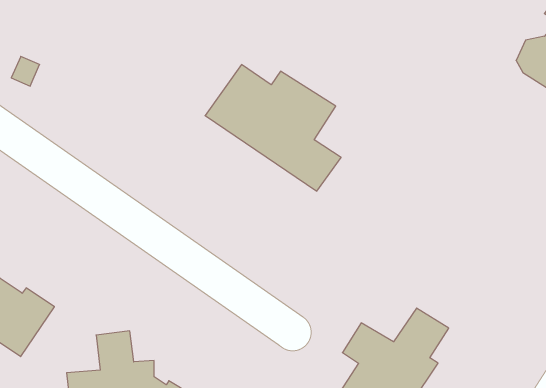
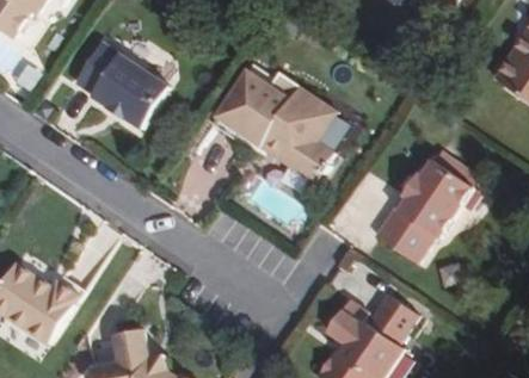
building: none -> [74,48,165,129]
building: none -> [371,157,470,256]

